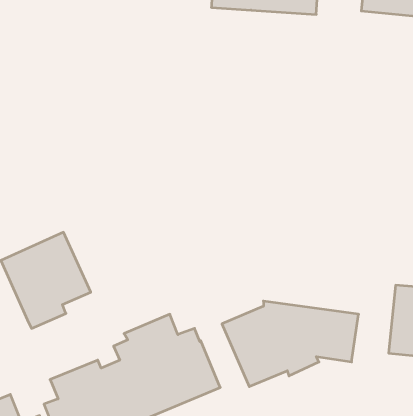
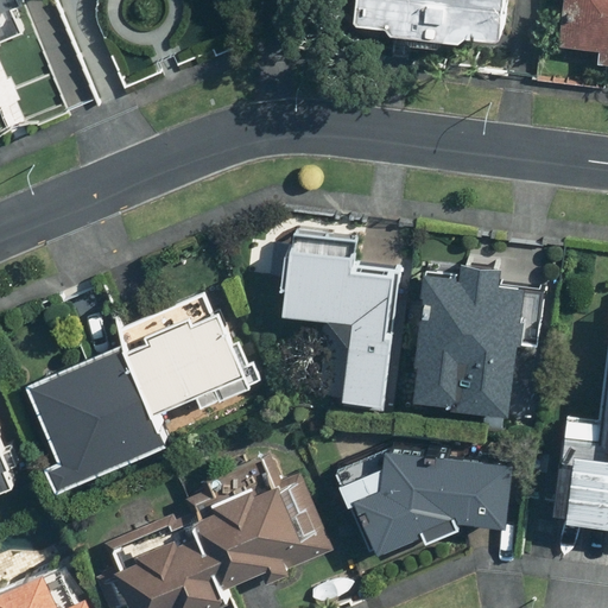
building: none -> [287,235,401,407]
building: none -> [403,279,512,432]
building: none -> [127,303,255,411]

